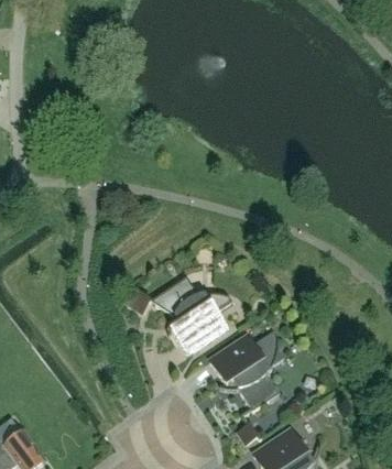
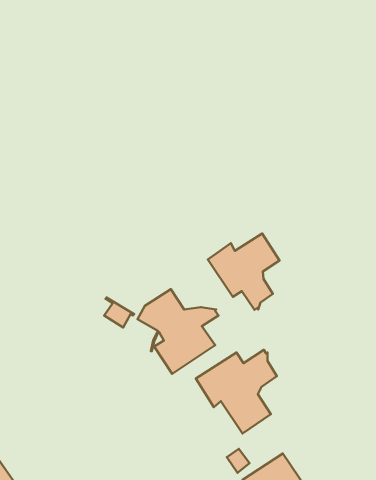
building: none -> [208,233,280,310]

